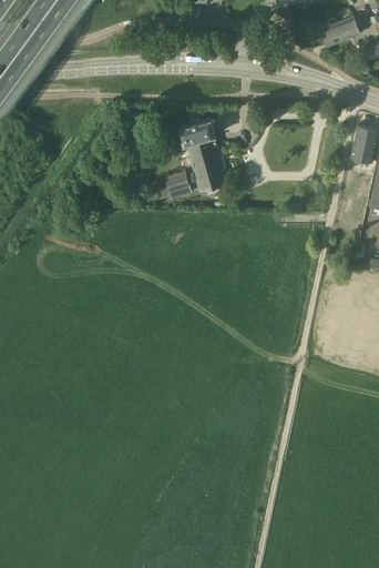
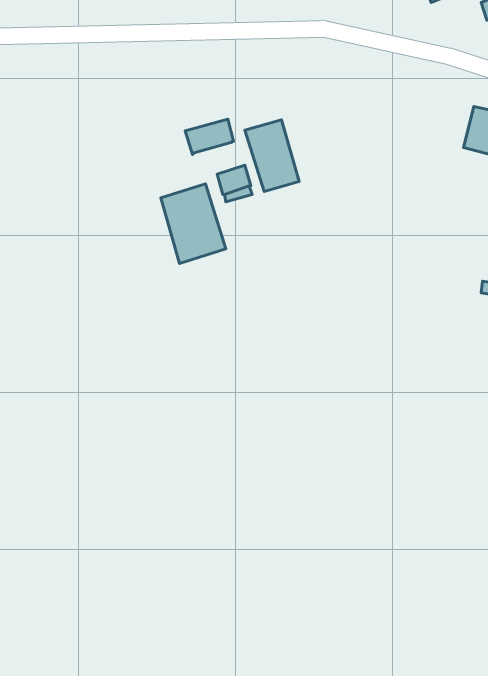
building: [178,118,215,144] -> [185,119,234,154]
building: none -> [161,184,226,264]

